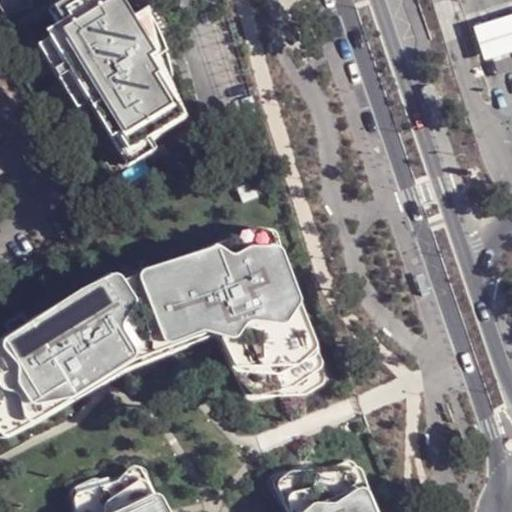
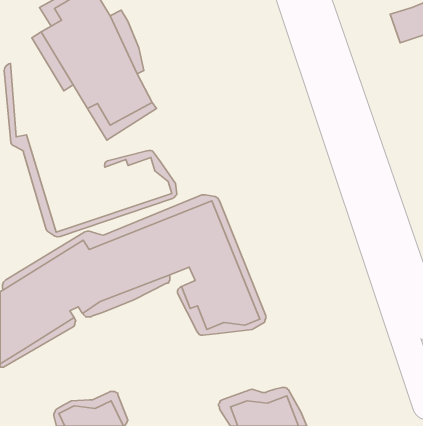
building: none -> [4,64,177,237]

